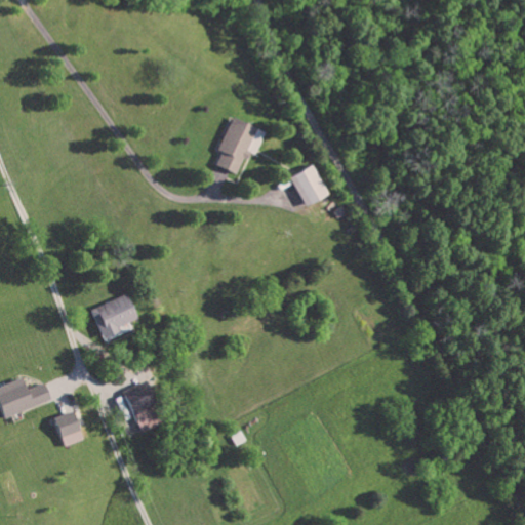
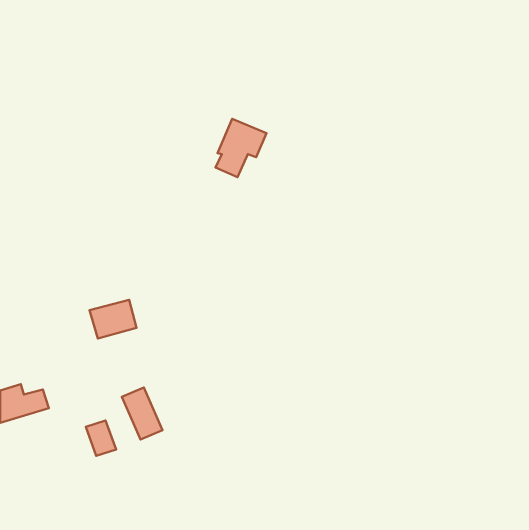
building: [288,164,328,207] -> none
building: [53,411,83,446] -> [86,420,116,456]

